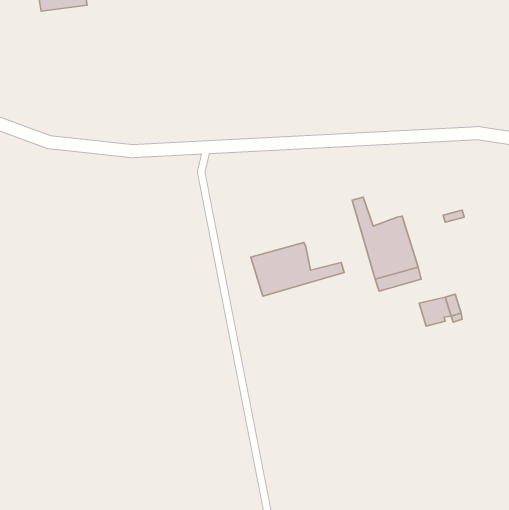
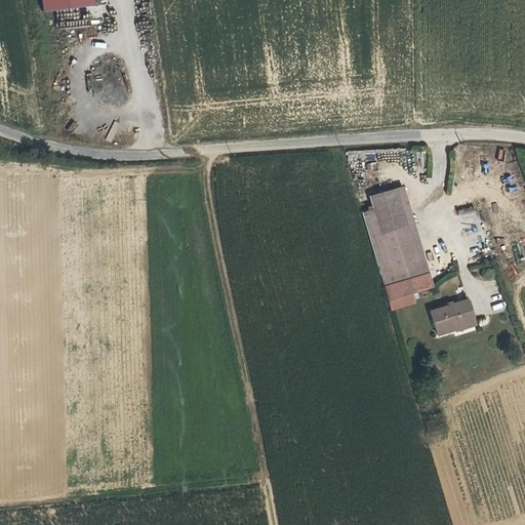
building: none -> [370,184,409,232]
building: [251,243,344,296] -> none

